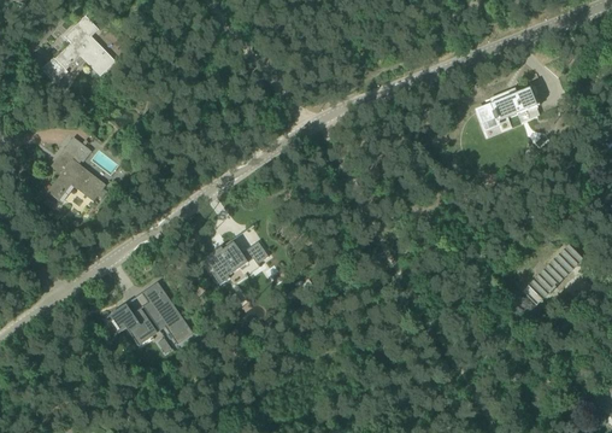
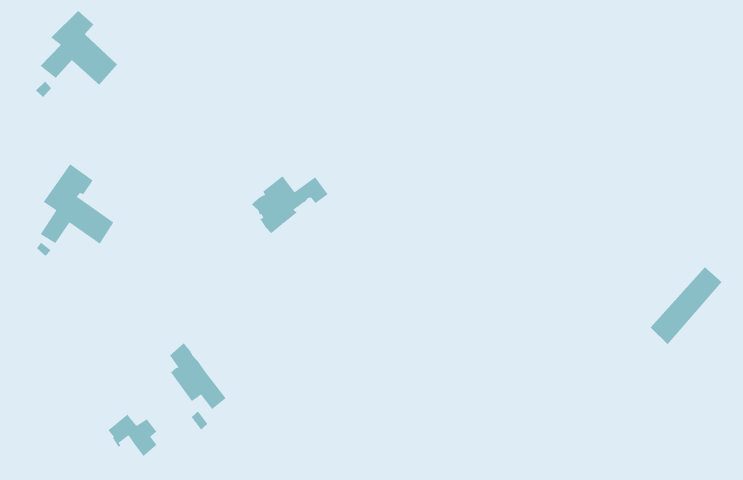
building: [477,87,540,124] -> none
building: [206,240,267,286] -> [251,175,329,234]
building: [110,304,148,339] -> [108,413,158,457]

